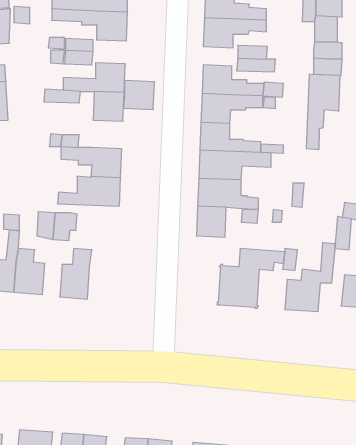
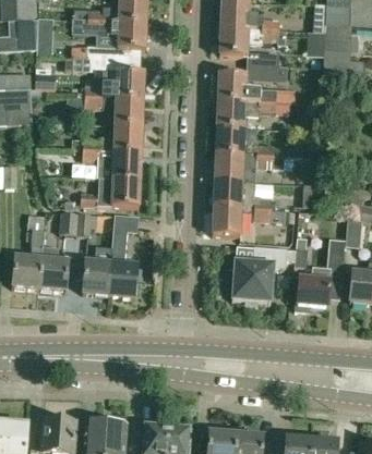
building: [307,74,340,150] -> none
building: [123,81,154,109] -> [112,125,142,152]
building: none -> [108,216,136,297]

